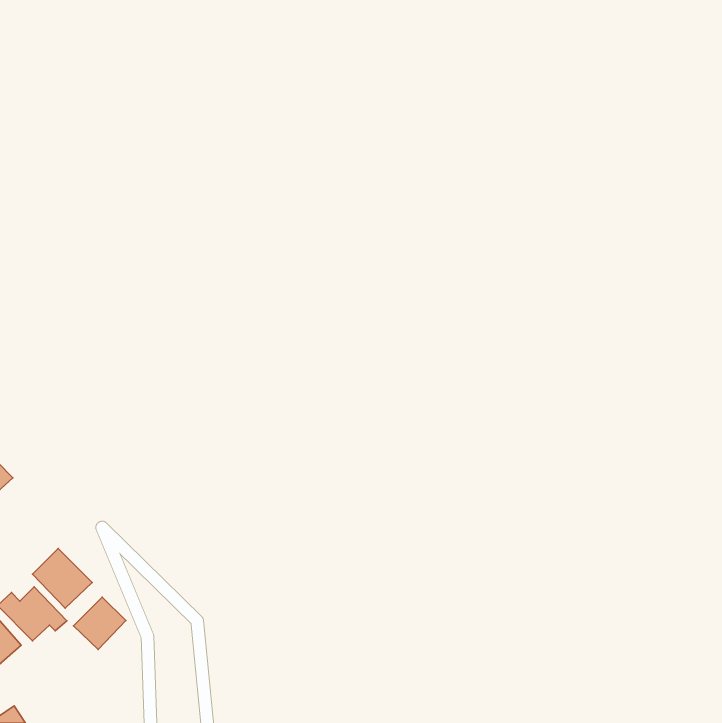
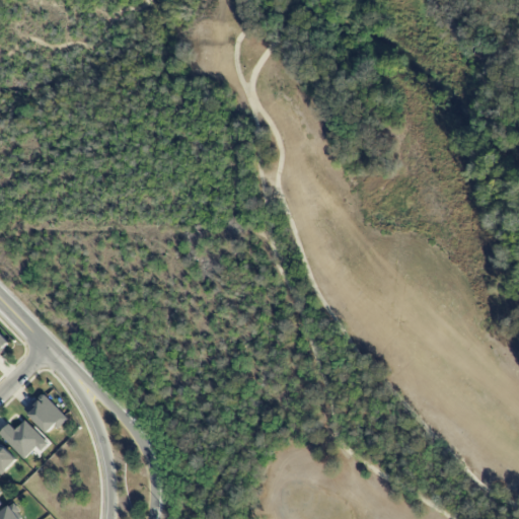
building: [73,597,126,649] -> none

